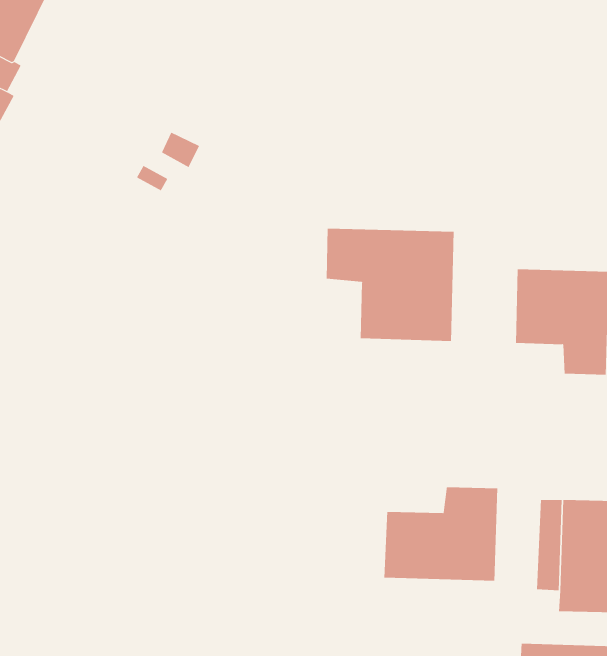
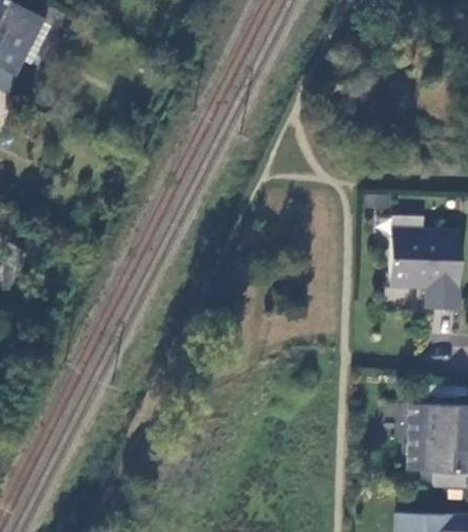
building: [326,228,454,342] -> none
building: [384,487,498,581] -> none

